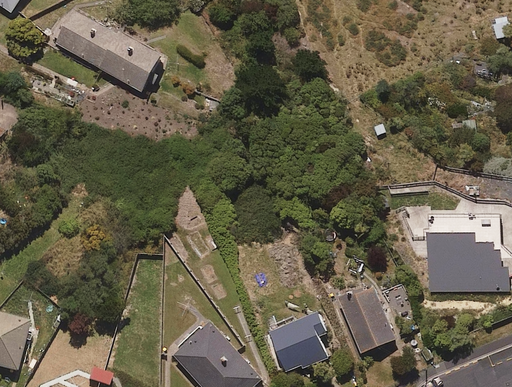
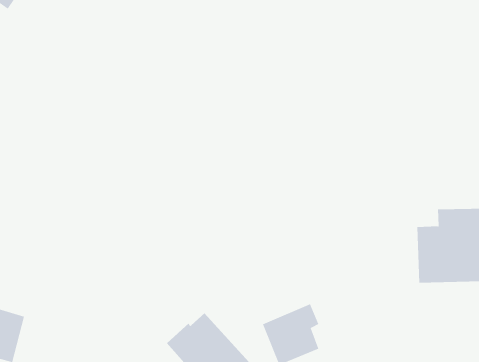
building: [55,10,160,90] -> none
building: [339,285,396,353] -> none

